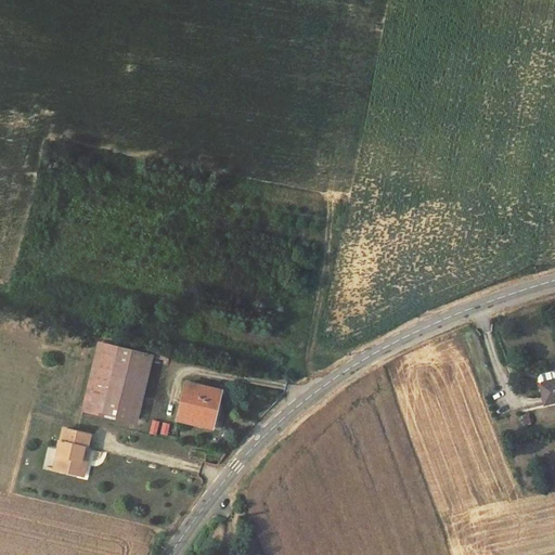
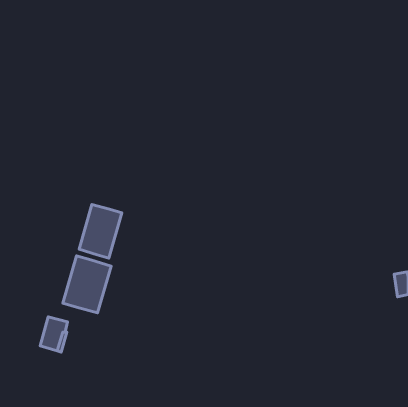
building: none -> [79,205,122,258]
building: [178,385,222,429] -> none

